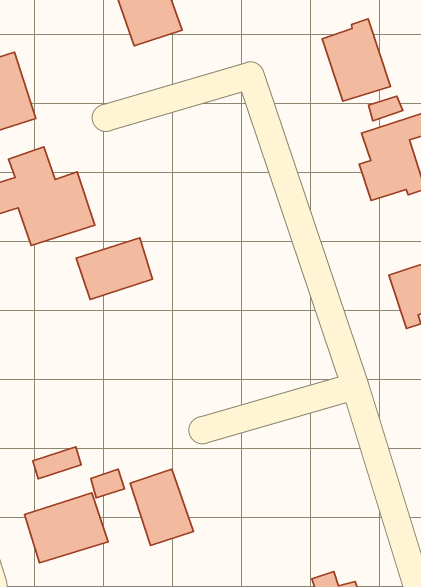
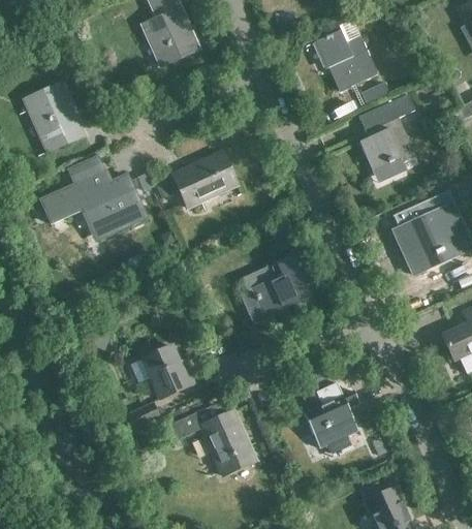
building: [76,238,152,300] -> [172,151,238,207]
building: none -> [241,255,307,317]
building: none -> [143,345,198,399]
building: none -> [305,382,360,448]
building: [24,493,108,563] -> none

